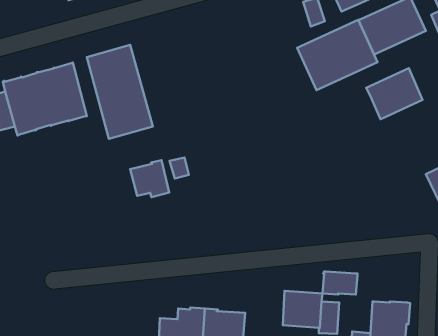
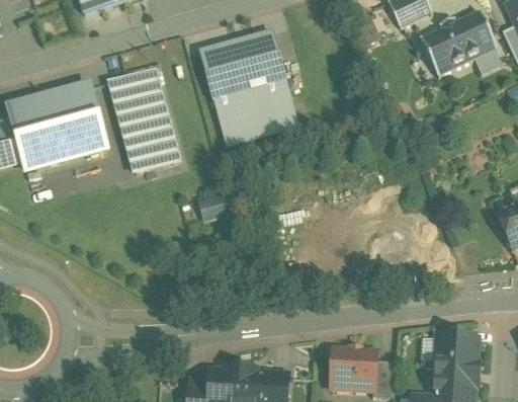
building: none -> [199,30,298,144]
building: [297,20,377,90] -> none
building: [366,68,422,119] -> none
building: [130,160,169,197] -> none
building: [322,272,357,294] -> [437,335,478,361]

